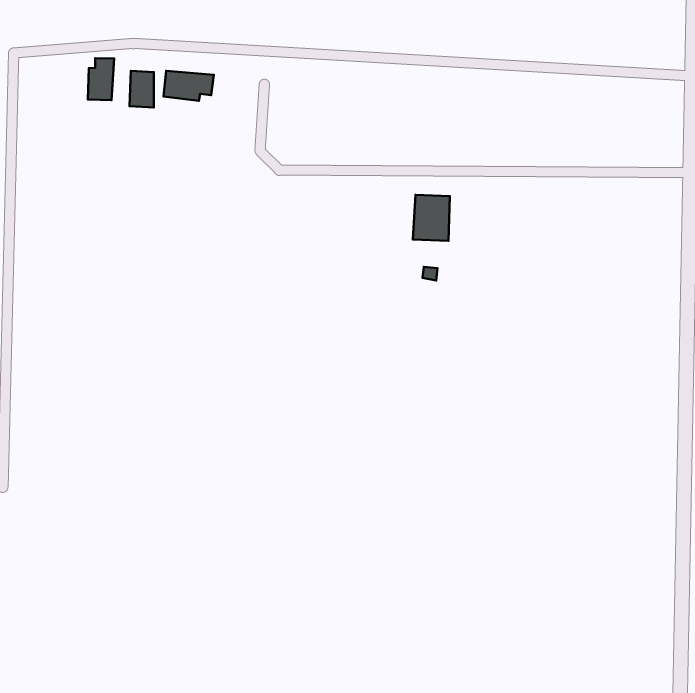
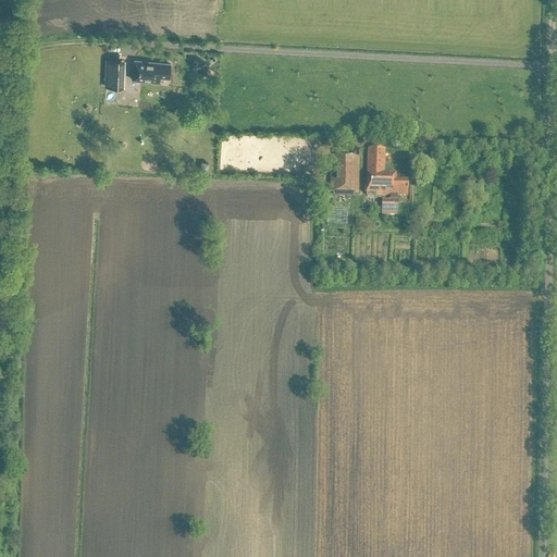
building: [88,58,114,100] -> none
building: none -> [368,147,409,215]

